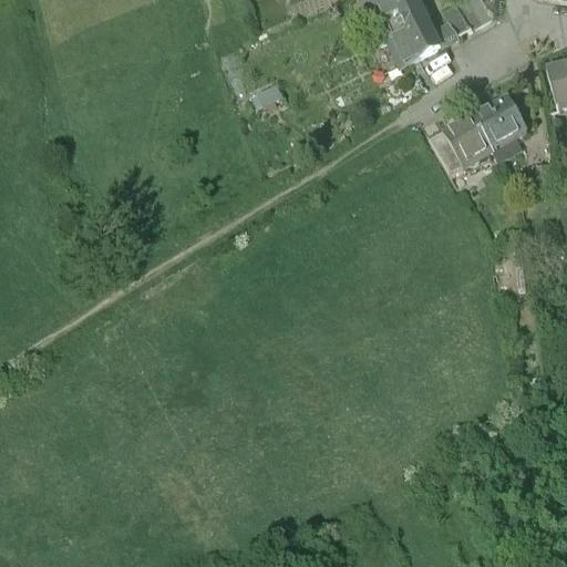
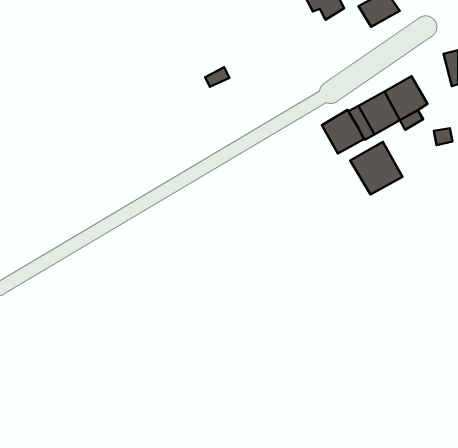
building: [380,10,441,65] -> none
building: none -> [322,110,364,153]
building: none -> [350,142,402,195]

